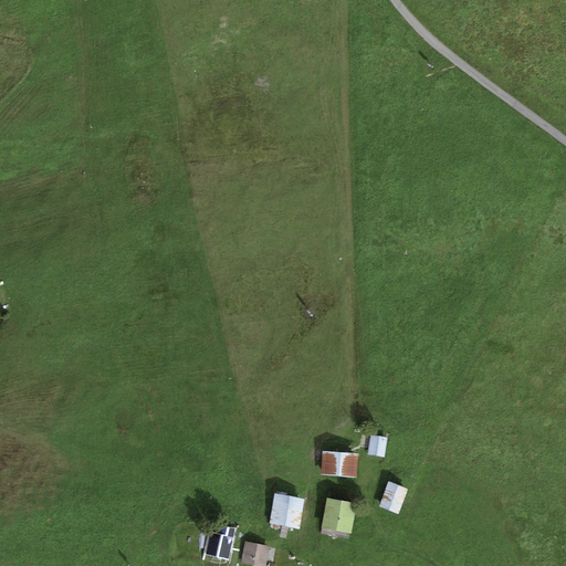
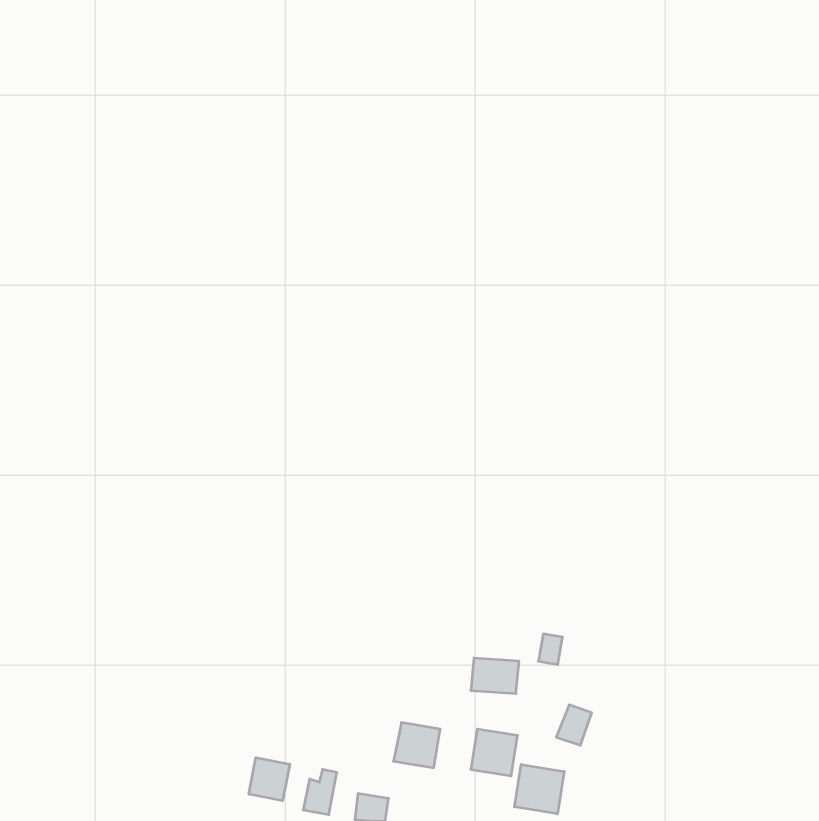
building: none -> [249,758,290,801]
building: none -> [514,764,564,814]

